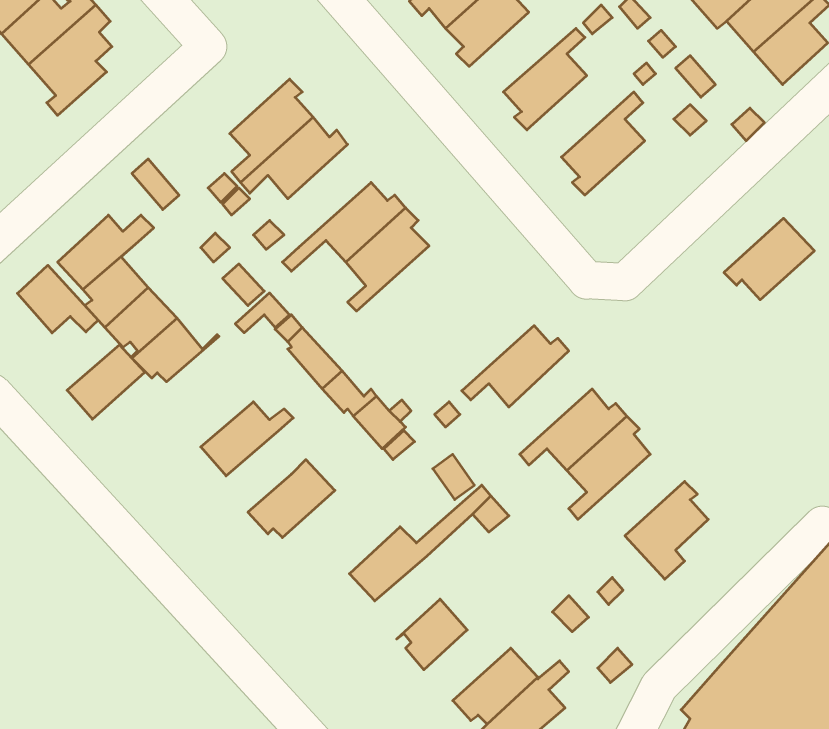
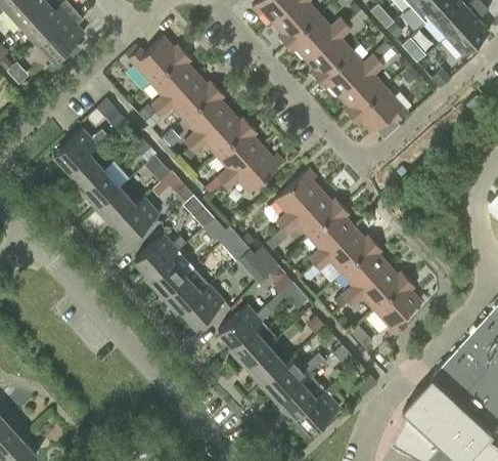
building: none -> [285,14,346,59]
building: none -> [128,37,184,83]
building: none -> [318,50,378,96]
building: none -> [183,89,230,148]
building: [724,218,814,300] -> [351,87,402,133]
building: none -> [222,146,283,193]
building: [17,265,98,333] -> none
building: none -> [274,169,322,228]
building: [67,345,145,419] -> [115,198,159,240]
building: none -> [308,206,355,264]
building: none -> [148,251,185,297]
building: none -> [347,264,407,310]
building: none -> [180,285,224,328]
building: none -> [232,322,269,369]
building: none -> [260,353,324,404]

